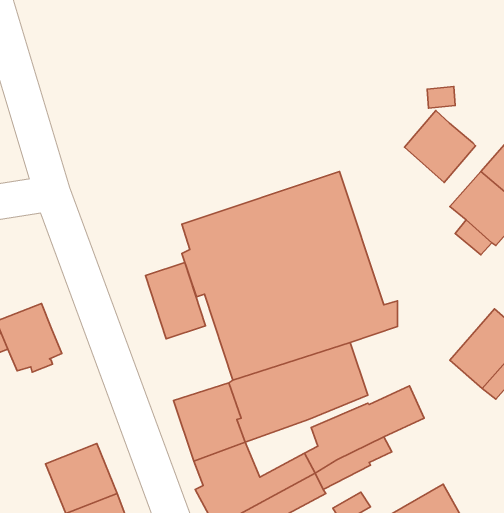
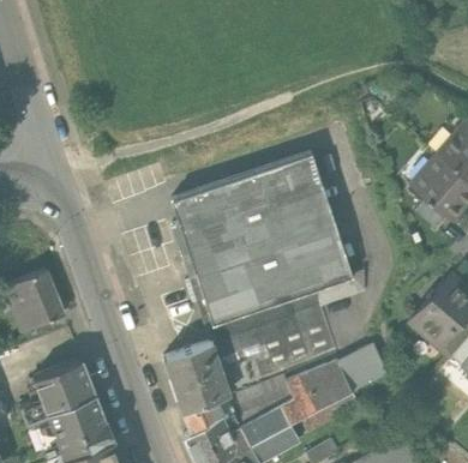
building: [404,111,475,182] -> none
building: [145,262,206,339] -> none
building: none -> [19,360,95,423]
building: none -> [227,374,292,426]

